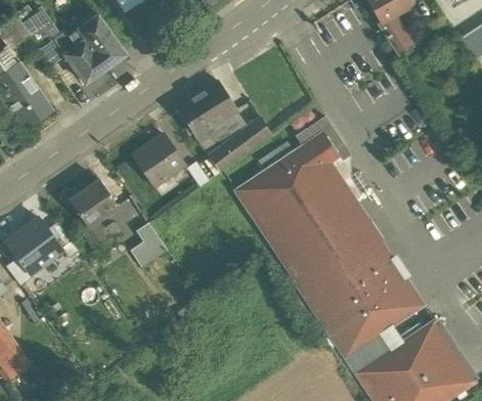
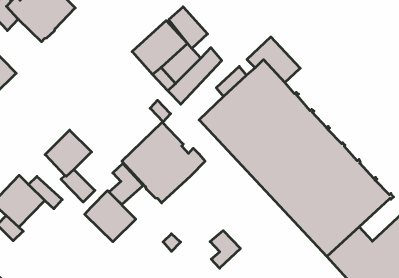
building: none -> [169,7,208,48]
building: [133,135,184,185] -> none
building: none -> [122,122,205,203]
building: none -> [85,191,136,242]
building: none -> [210,231,240,268]

